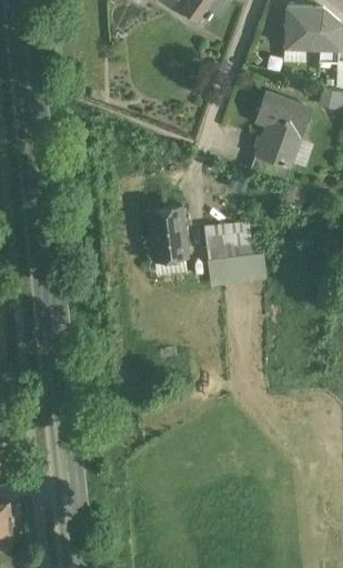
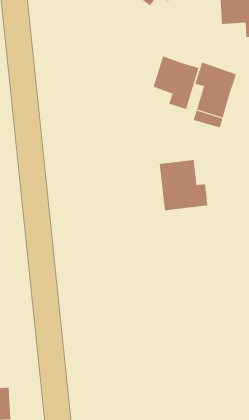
building: none -> [153,56,199,110]
building: [153,207,192,261] -> none

